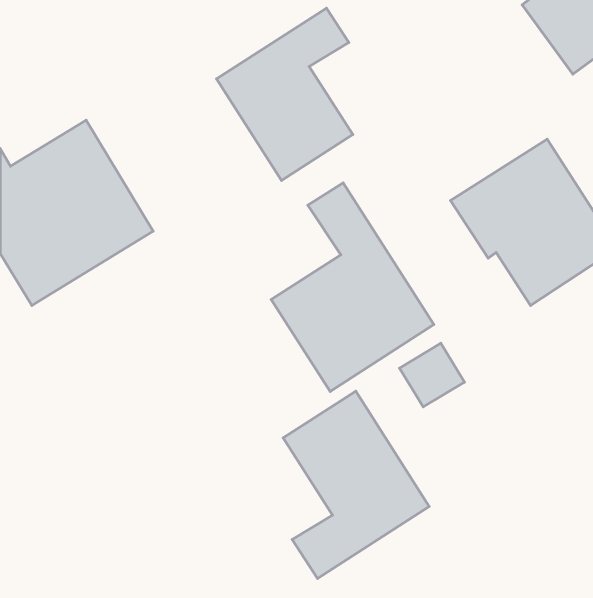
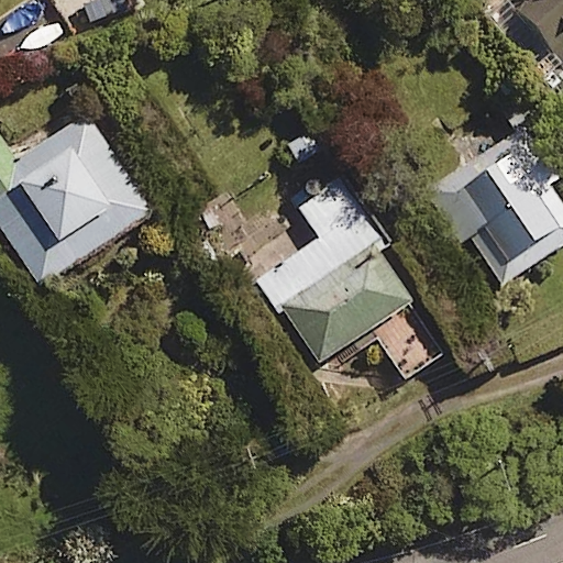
building: [217,8,353,180] -> none
building: [283,391,429,578] -> none

